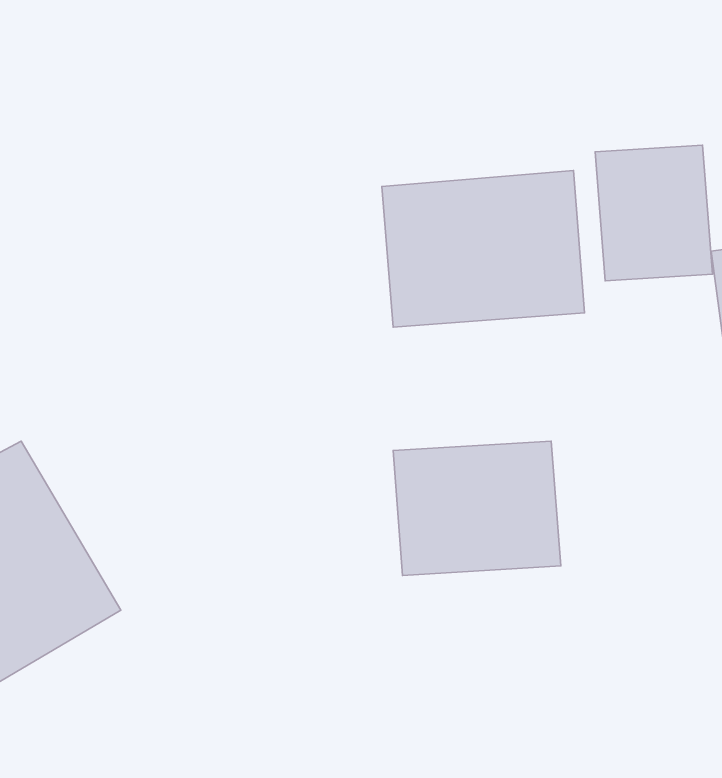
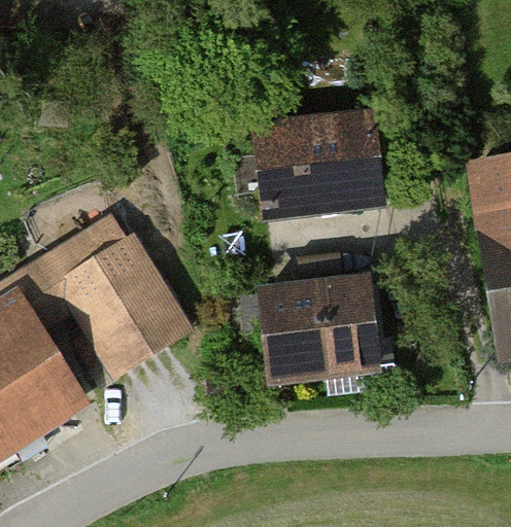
building: [595,145,713,281] -> none
building: none -> [58,233,191,373]

